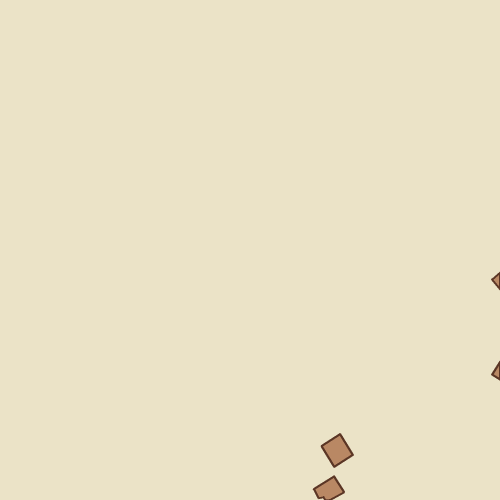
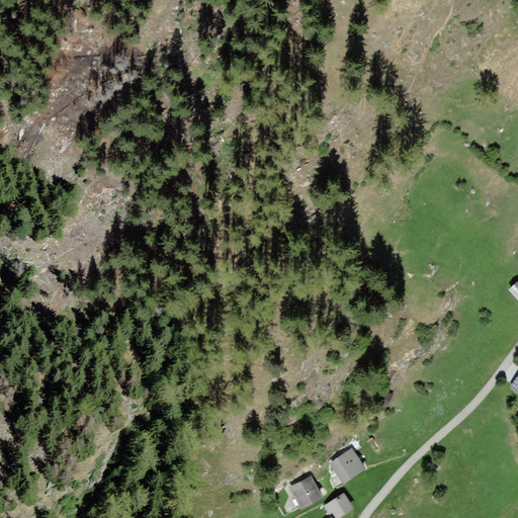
building: none -> [288,477,322,510]

